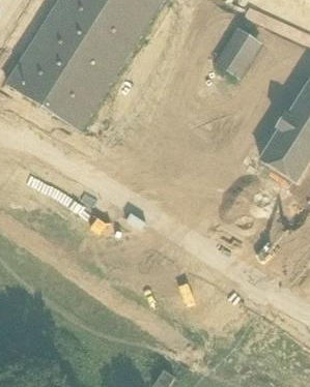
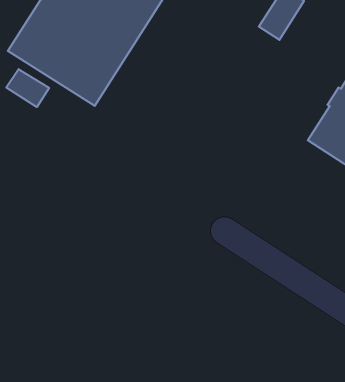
building: none -> [6,69,49,107]

